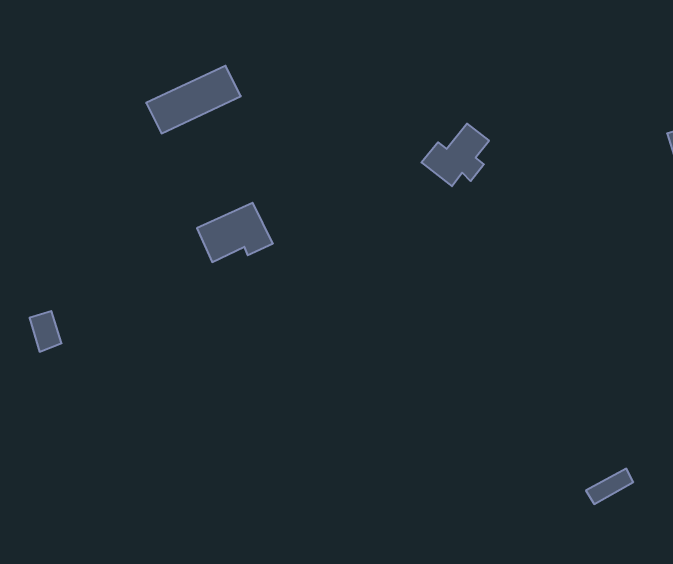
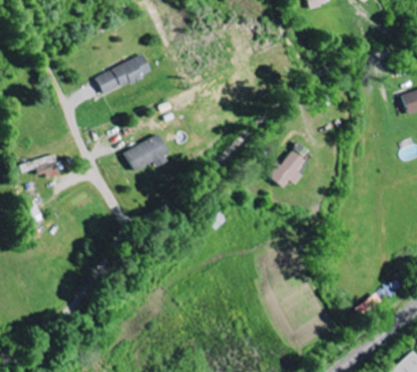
building: [421,124,489,186] -> [266,150,306,188]
building: none -> [21,155,60,177]

